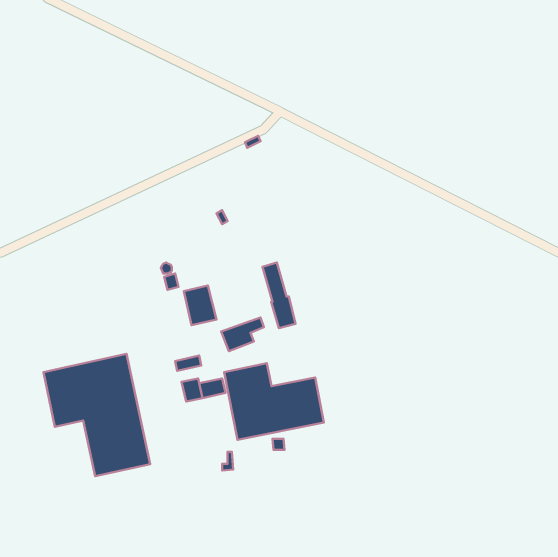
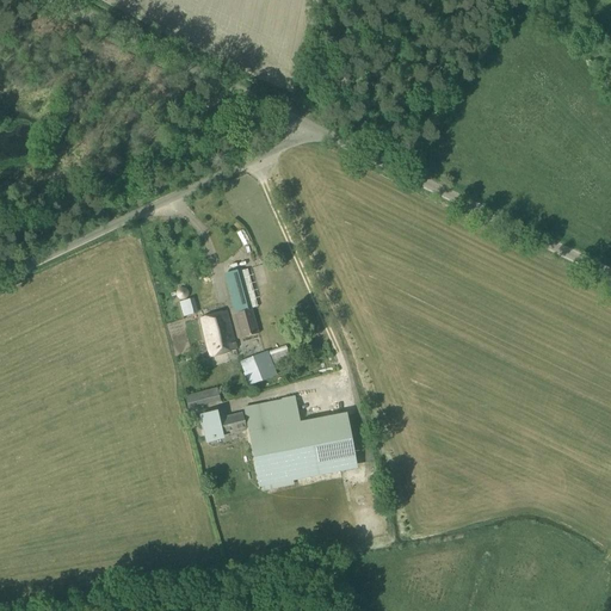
building: [263,262,295,328] -> [226,270,261,341]
building: [43,354,150,476] -> none

